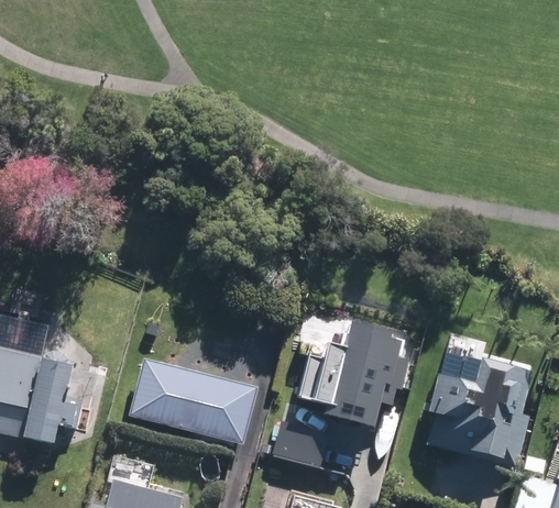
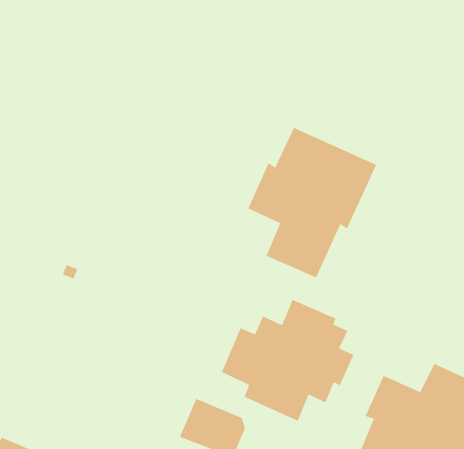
building: none -> [247,127,377,278]
building: [127,360,255,445] -> none

